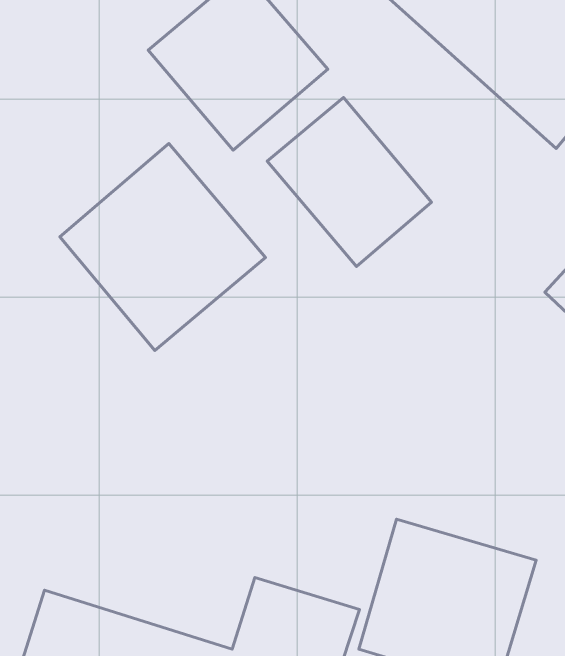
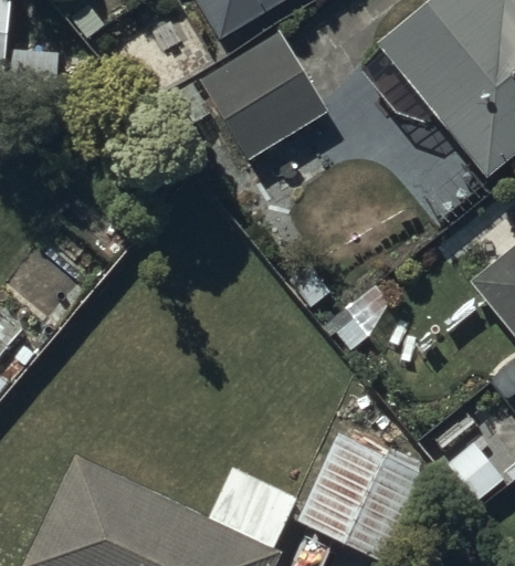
building: [267,97,431,267] -> none
building: [60,144,265,350] -> none

